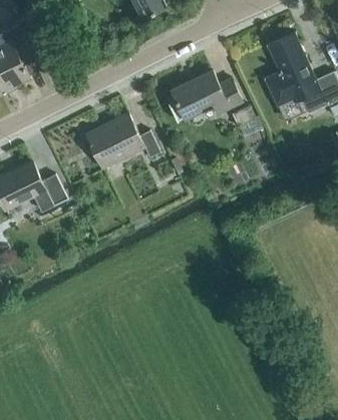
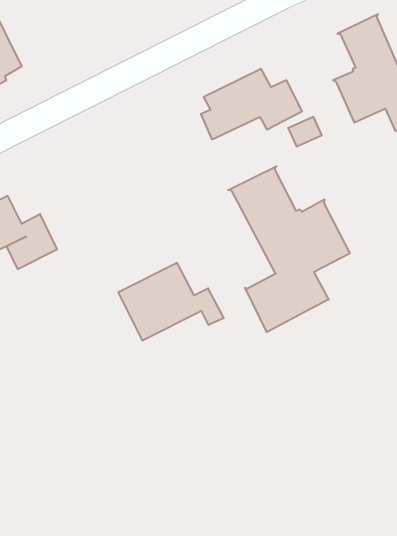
building: [86,113,161,168] -> [118,263,224,340]
building: none -> [228,166,350,332]

